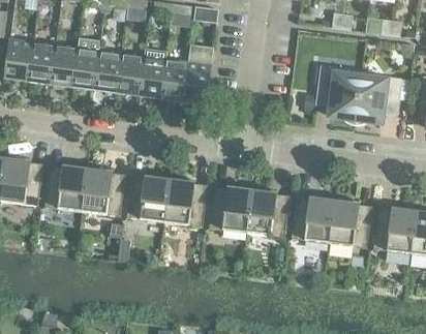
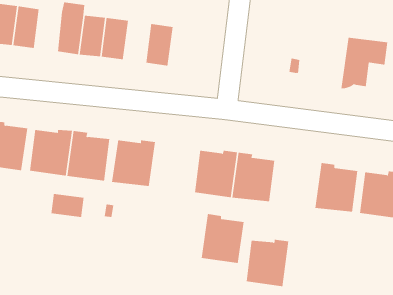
building: [50,44,77,87] -> none
building: [183,44,213,104] -> none
building: [139,49,165,98] -> none
building: [317,64,362,124] -> none
building: [164,177,208,226] -> [201,214,245,263]
building: [292,195,335,243] -> [246,239,289,287]
building: none -> [51,193,84,218]

